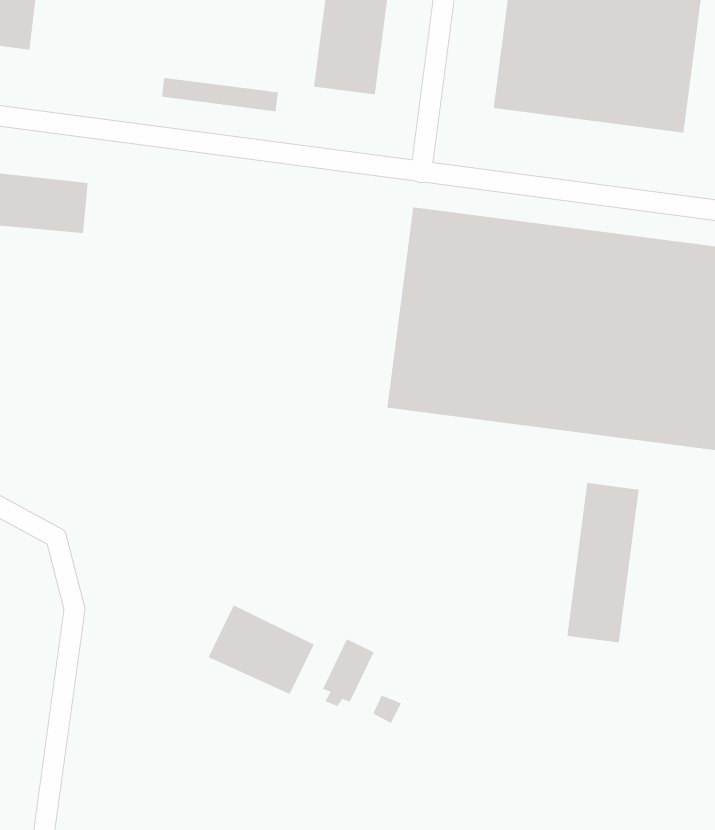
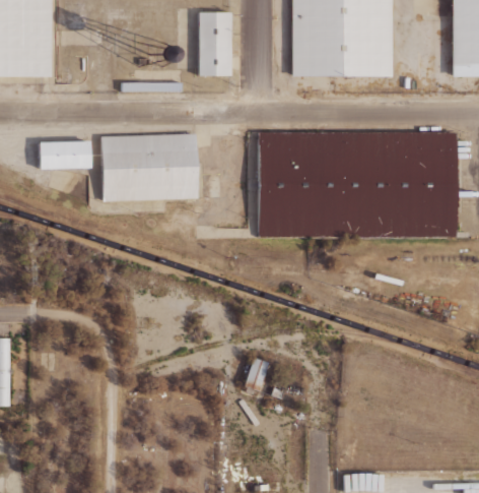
building: none -> [100,133,198,201]
building: [567,482,639,643] -> none
building: [208,605,315,695] -> none

